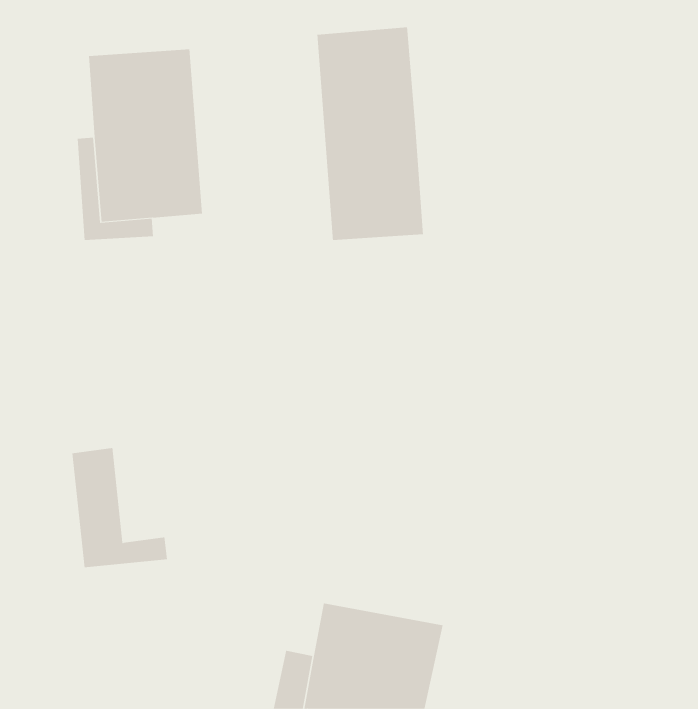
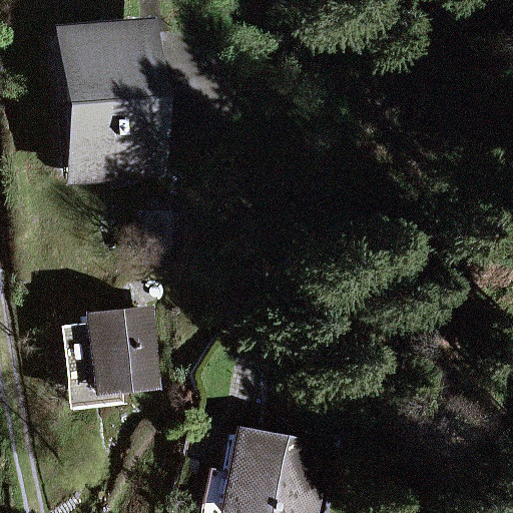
building: [317,26,424,241] -> none
building: none -> [92,309,159,389]

